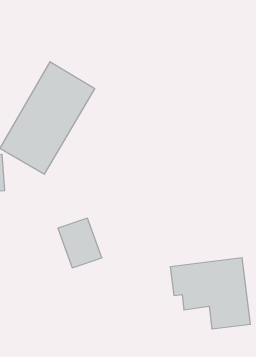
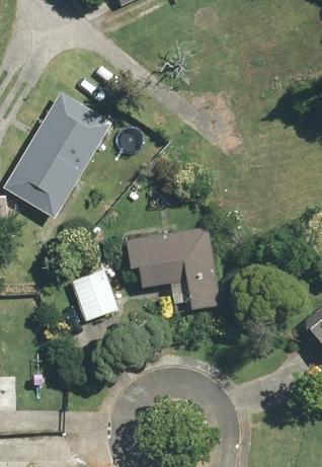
building: [170,258,250,329] -> [128,229,218,309]

